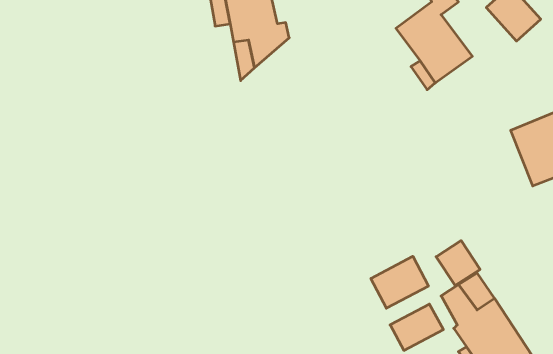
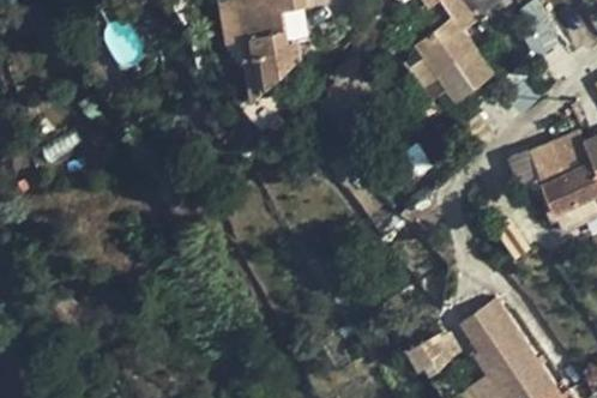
building: [436,241,480,286] -> none
building: [371,256,428,308] -> none

